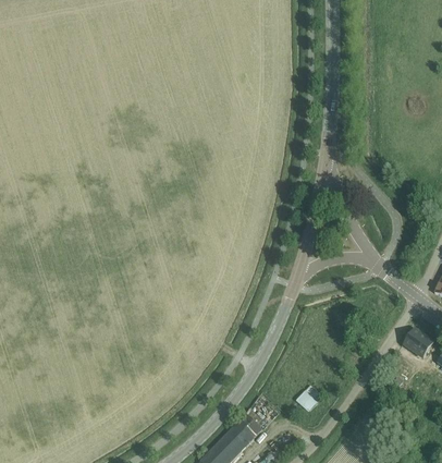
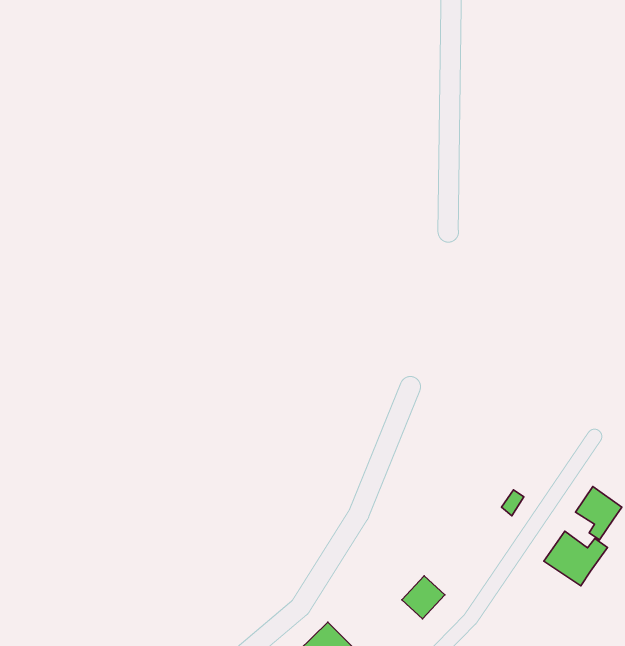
building: none -> [544,531,607,586]

